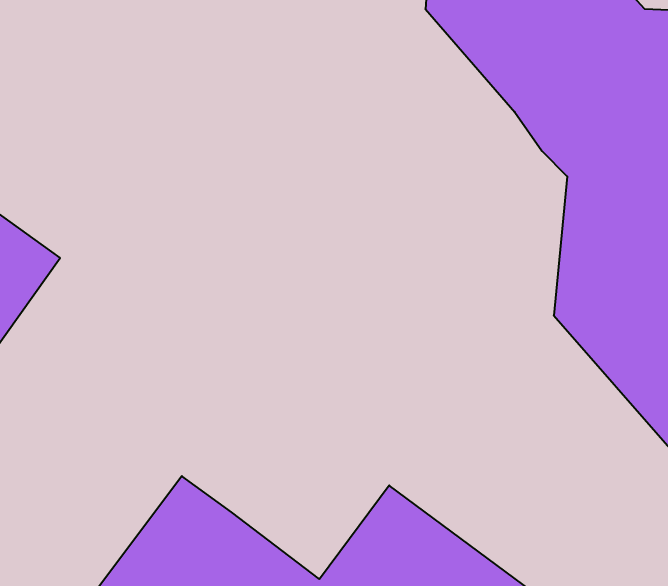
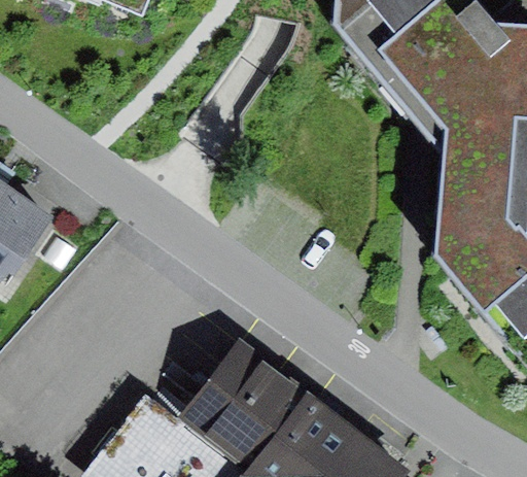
building: none -> [187,342,309,468]

